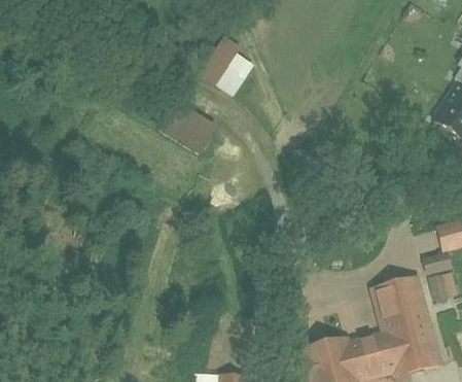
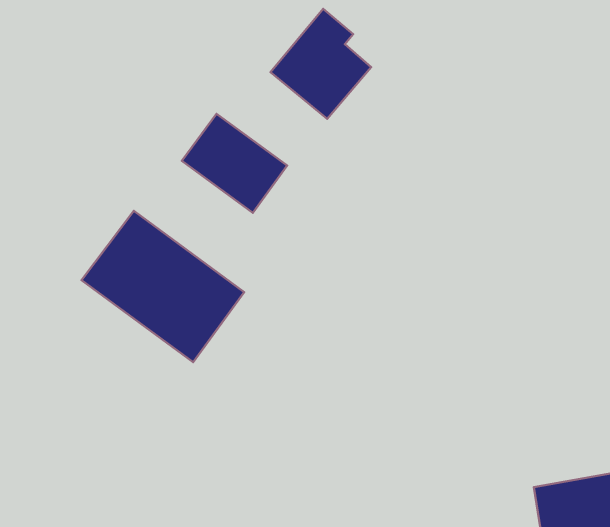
building: none -> [81,211,244,362]

